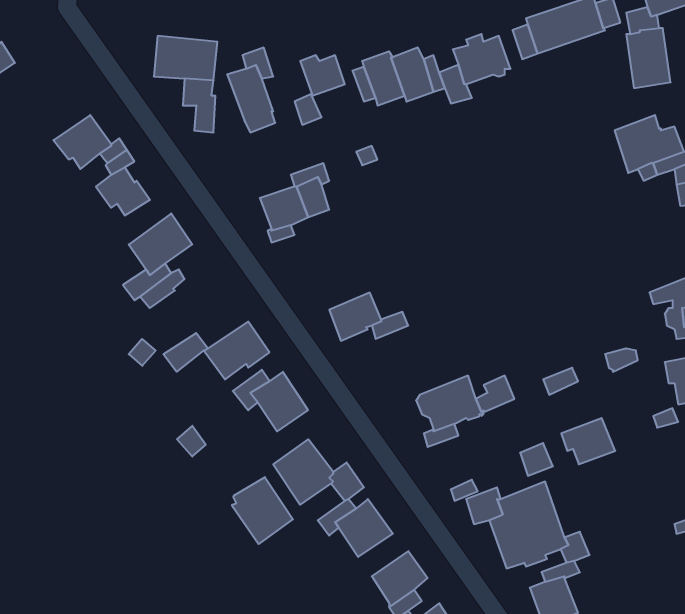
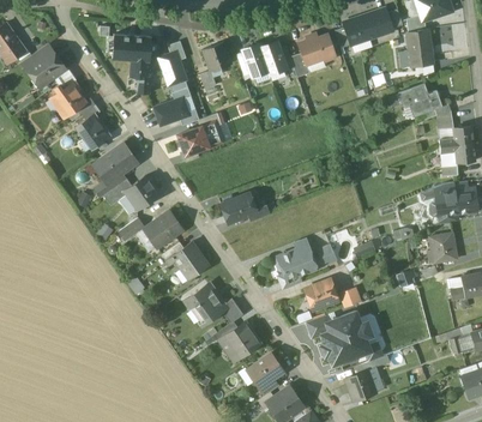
building: none -> [22,43,64,84]
building: none -> [153,88,191,126]
building: none -> [123,175,158,209]
building: [561,418,615,464] -> [303,278,337,307]
building: [232,477,293,544] -> none

